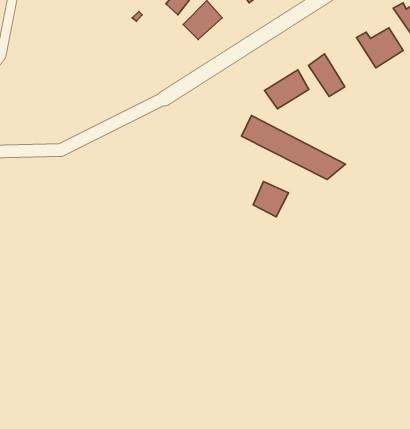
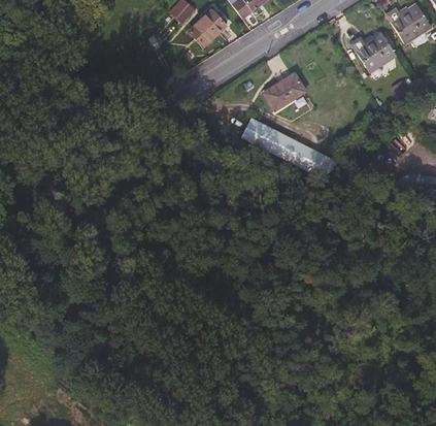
building: [309,54,345,97] -> none
building: [253,181,288,217] -> none

